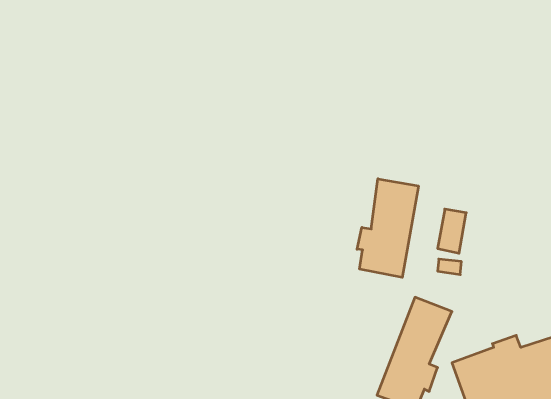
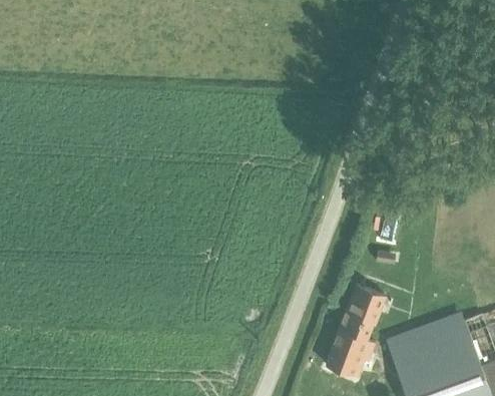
building: [357,179,418,277] -> none

